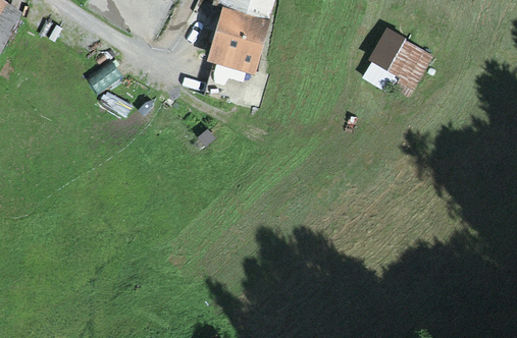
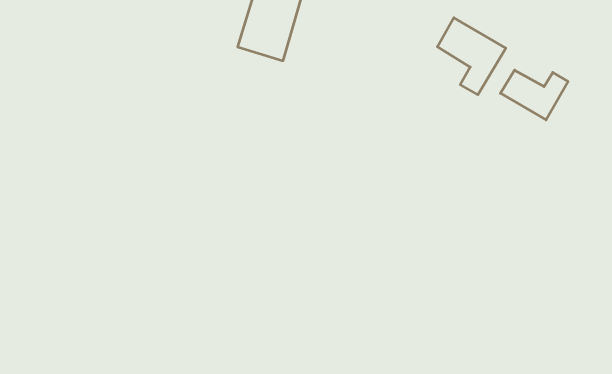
building: none -> [500,70,568,120]

